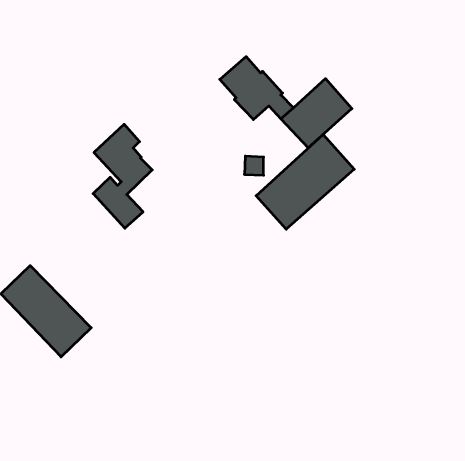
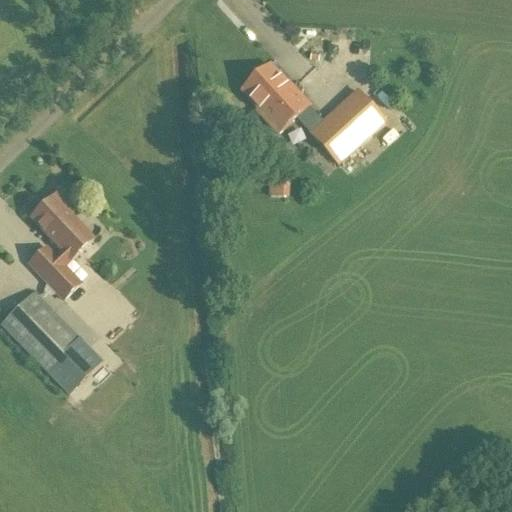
building: [93,124,152,228] -> [27,185,92,299]
building: [256,134,354,229] -> none

